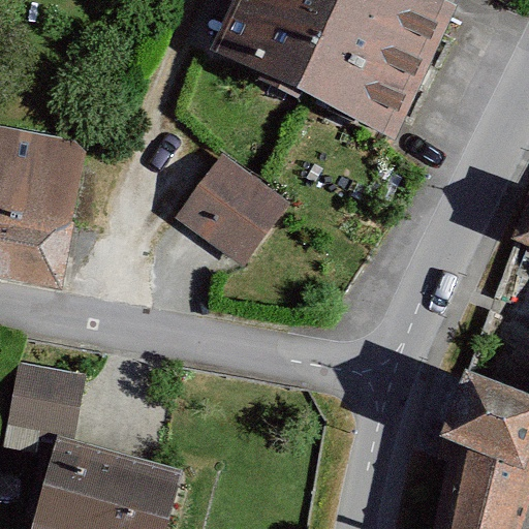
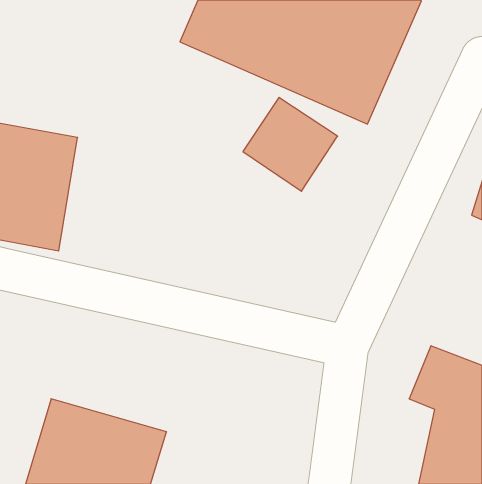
building: [175,155,278,257] -> [243,97,338,191]
building: [7,362,85,436] -> none

